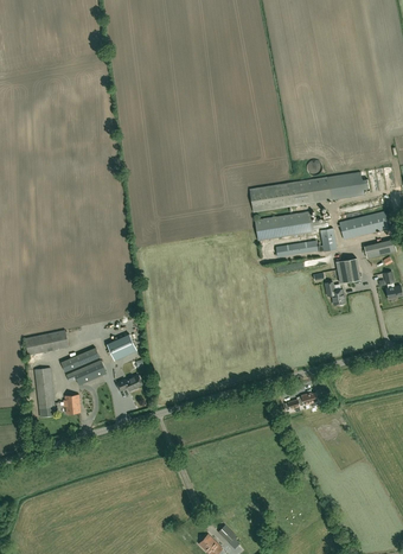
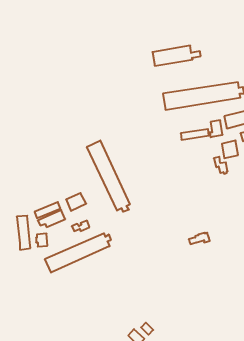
building: [255,211,326,241] -> [152,46,201,66]
building: none -> [87,140,130,212]
building: [25,330,69,355] -> none
building: none -> [45,233,111,273]

